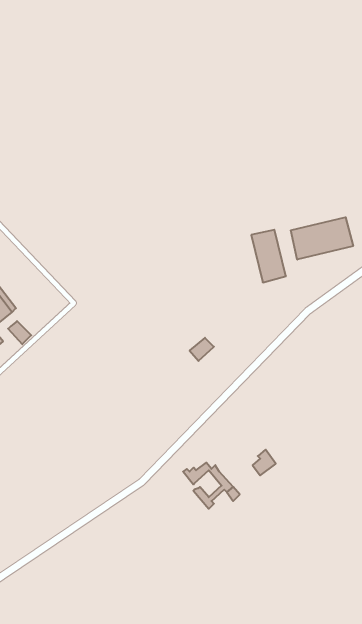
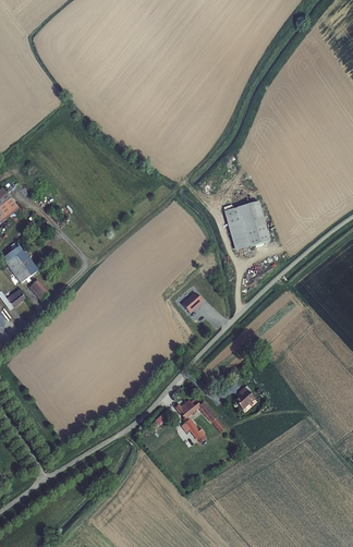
building: [291,217,353,260] -> none

